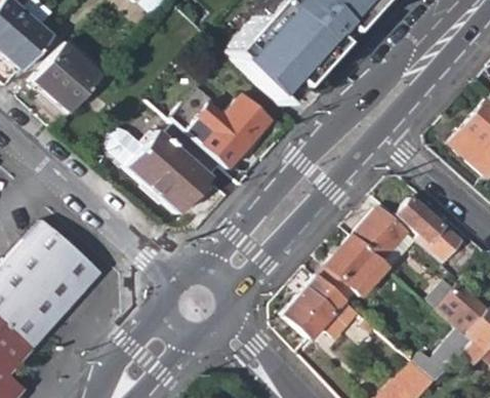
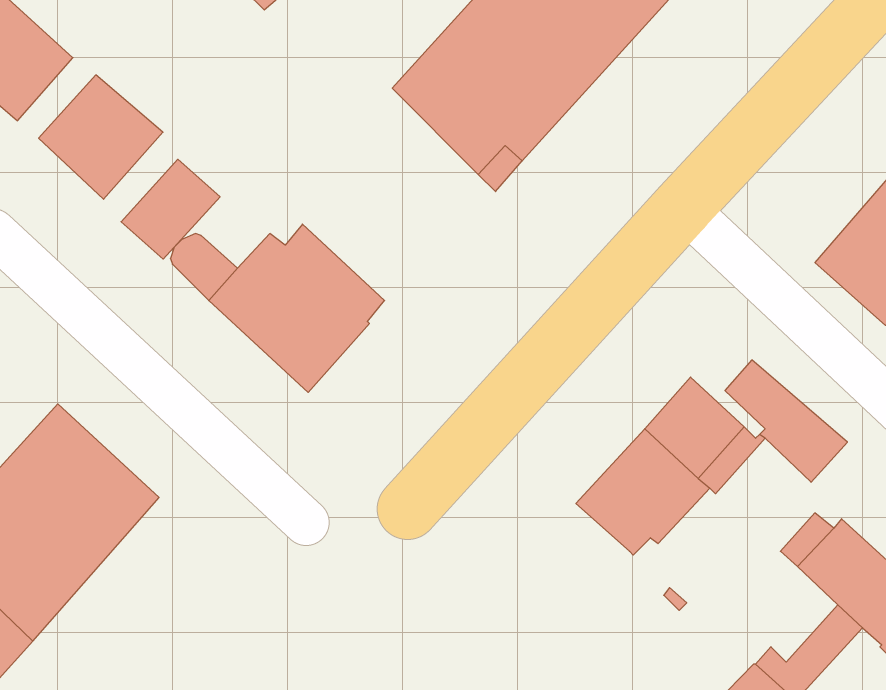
building: none -> [121,159,220,259]
building: [203,95,279,170] -> none
building: [285,275,362,337] -> none

